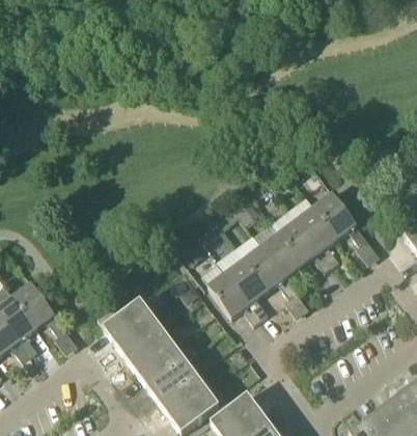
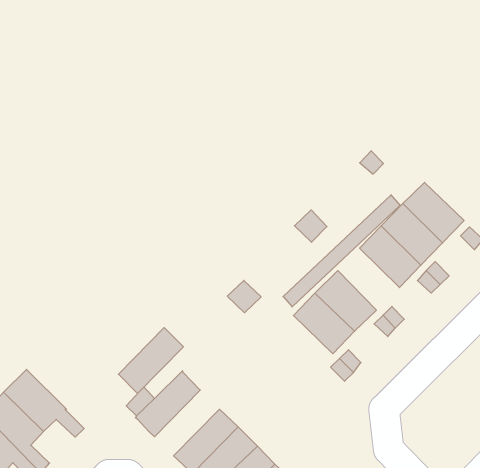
building: [261,230,303,276] -> none
building: [207,271,249,316] -> none
building: [114,314,163,357] -> [118,328,183,393]

